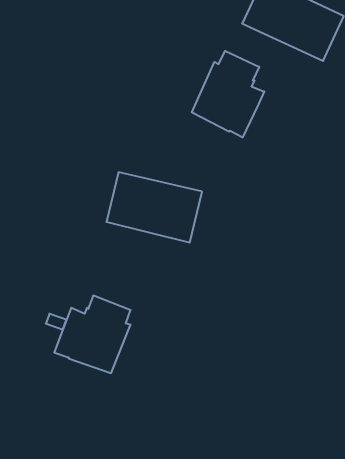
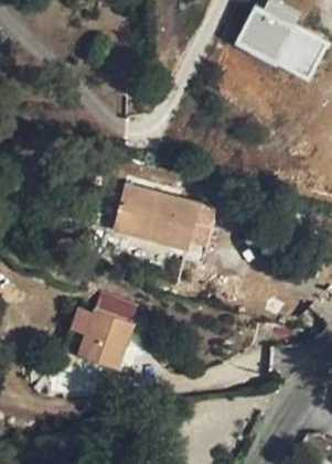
building: [192,51,264,137] -> none

